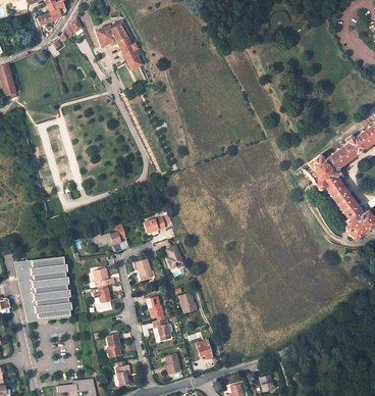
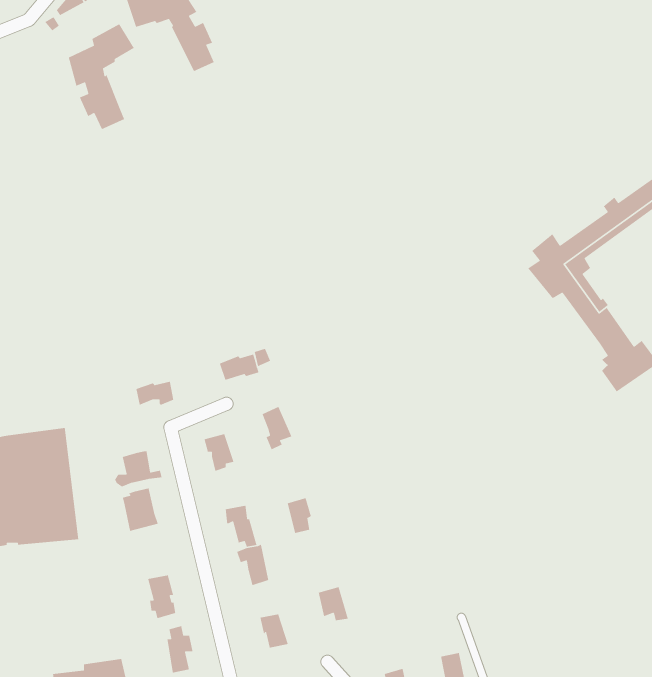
building: none -> [68,23,135,130]

